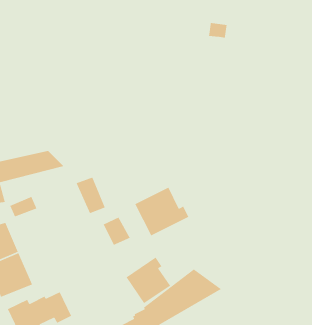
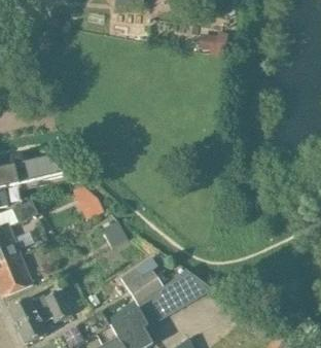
building: [134,186,189,237] -> none

